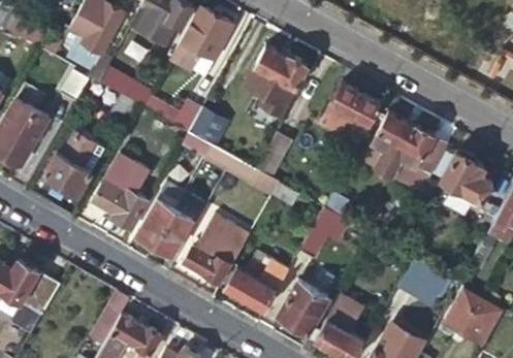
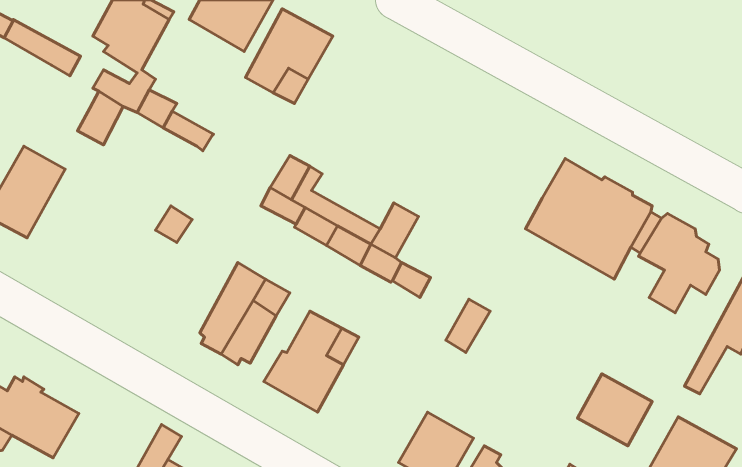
building: [248,45,310,116] -> none
building: [321,83,381,157] -> none
building: [143,97,202,132] -> none
building: [43,135,102,195] -> none
building: [94,183,150,230] -> none
building: [225,259,287,310] -> none

